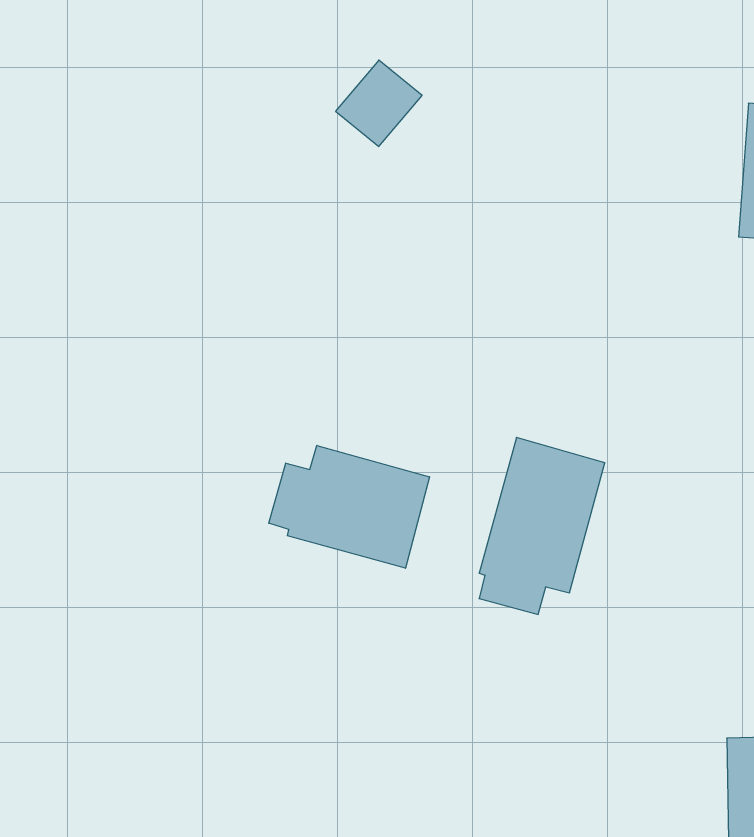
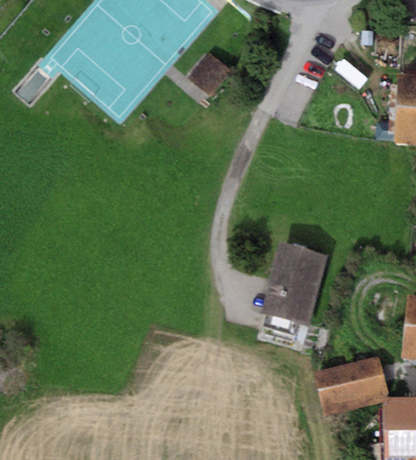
building: [269,445,430,568] -> none
building: none -> [312,358,385,413]

